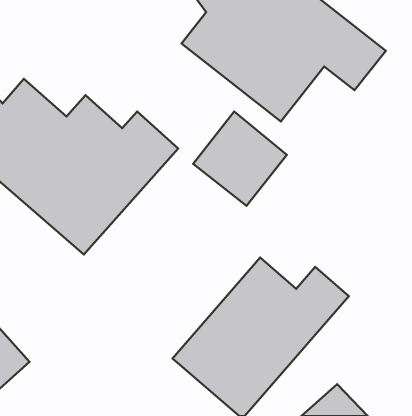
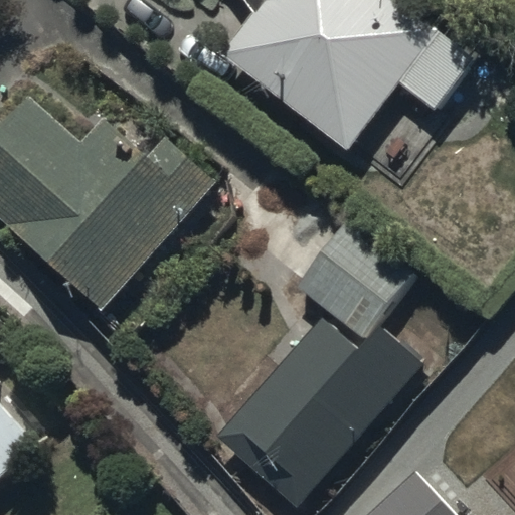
building: [193,111,287,206] -> [296,222,410,338]

